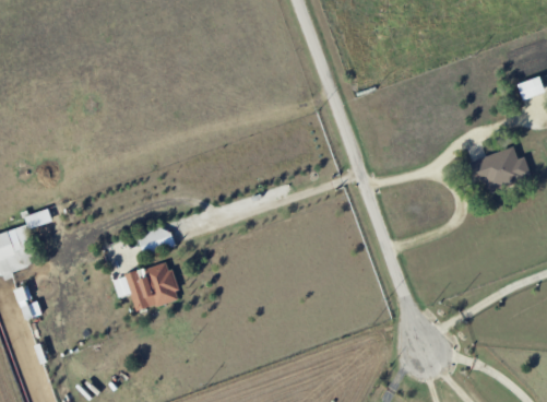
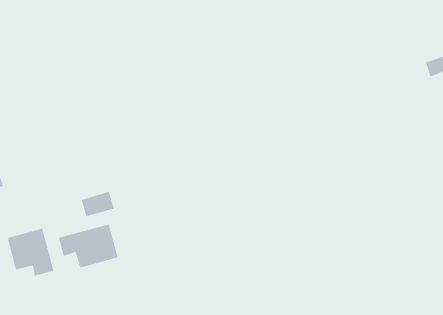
building: [471,145,532,190] -> none
building: none -> [7,228,54,277]

